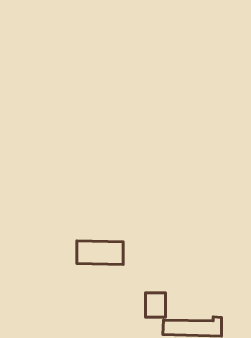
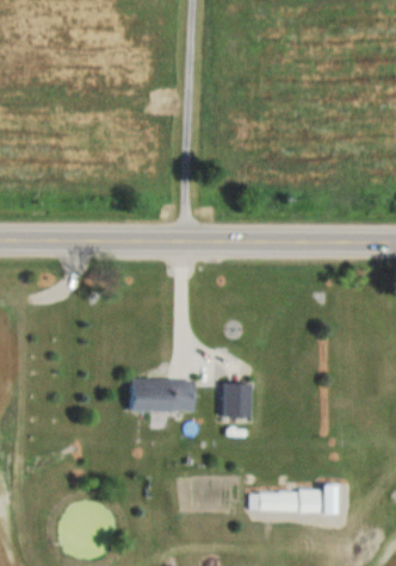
building: [145,293,166,317] -> [225,384,254,418]

